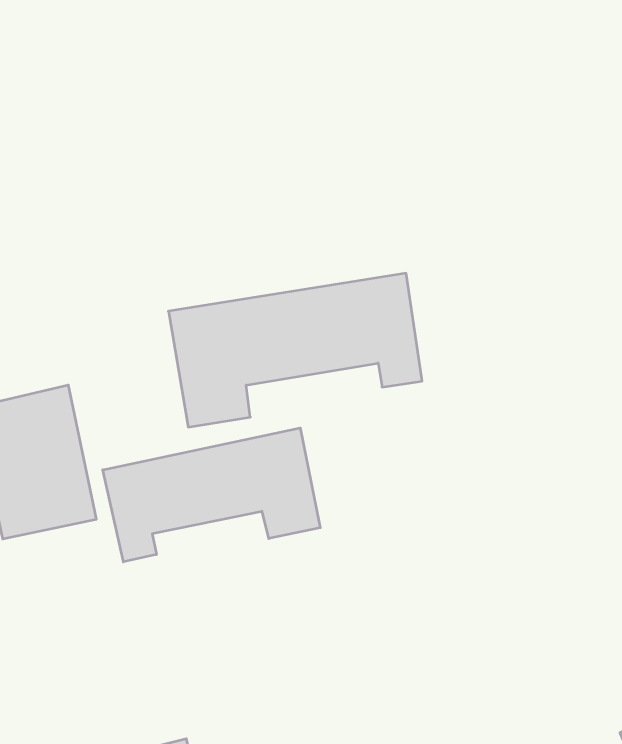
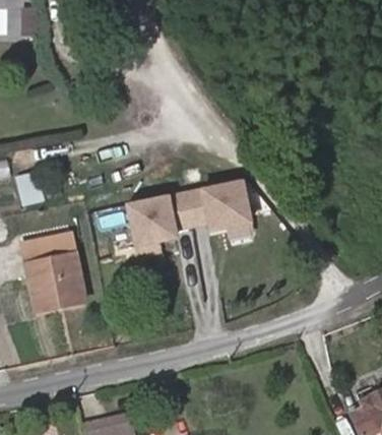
building: [103,428,320,562] -> none

